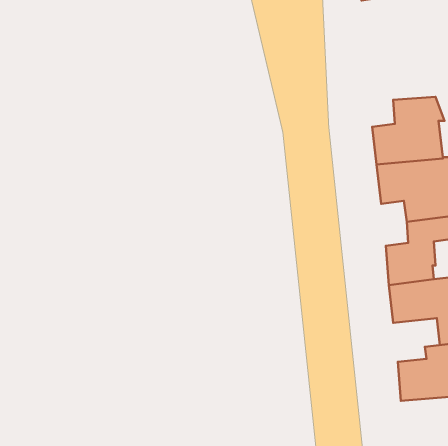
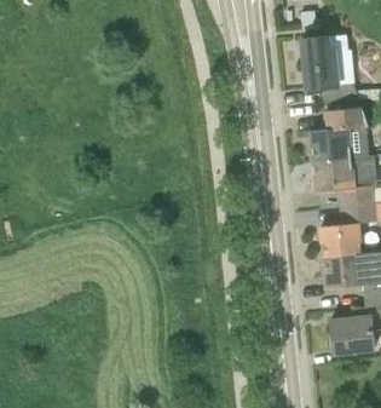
building: none -> [302,36,359,102]

